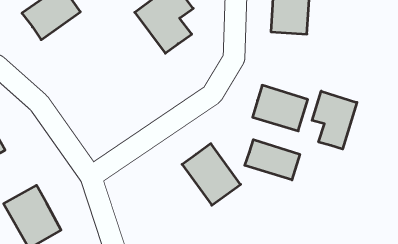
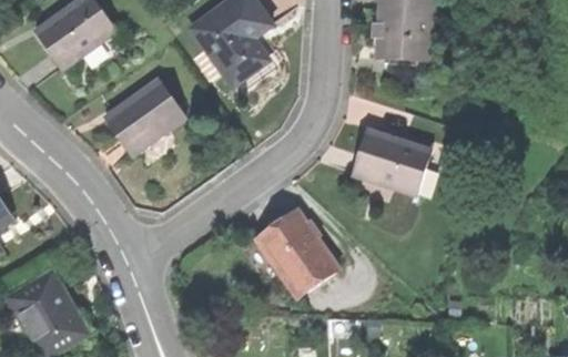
building: none -> [103,80,184,156]
building: [312,91,357,149] -> none
building: [245,140,300,180] -> none

